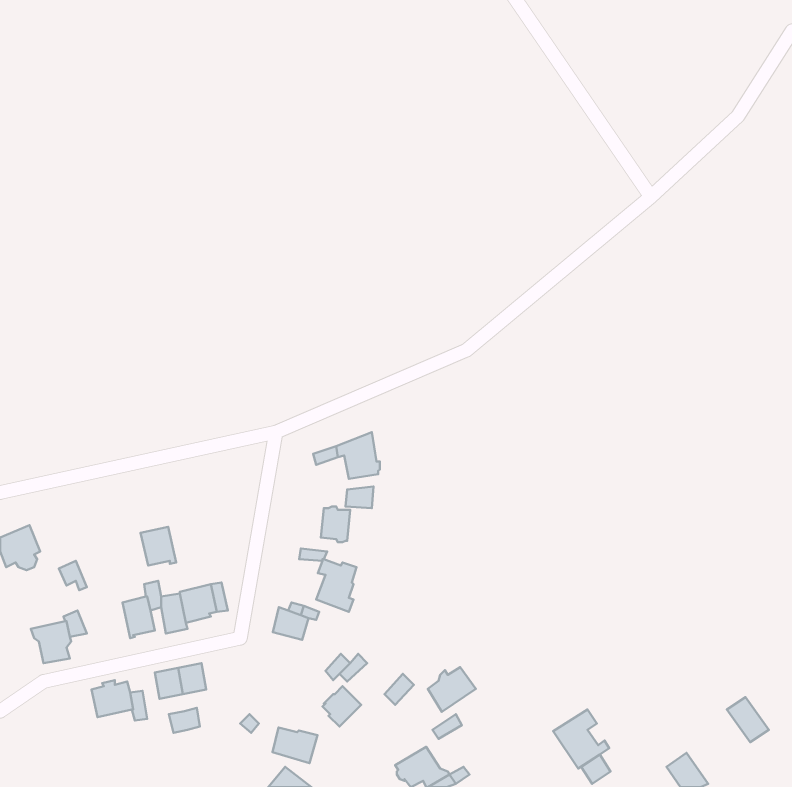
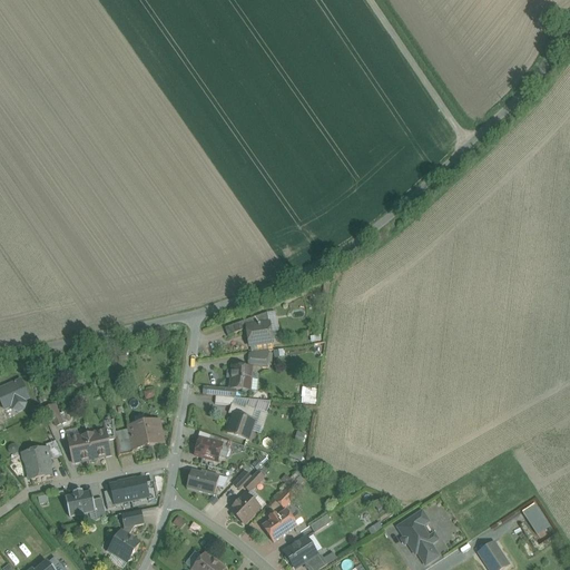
building: [140,527,176,565] -> [68,433,94,461]
building: [428,667,476,712] -> [263,509,297,541]
building: [272,727,317,763] -> [187,469,219,494]
building: none -> [107,524,140,561]

